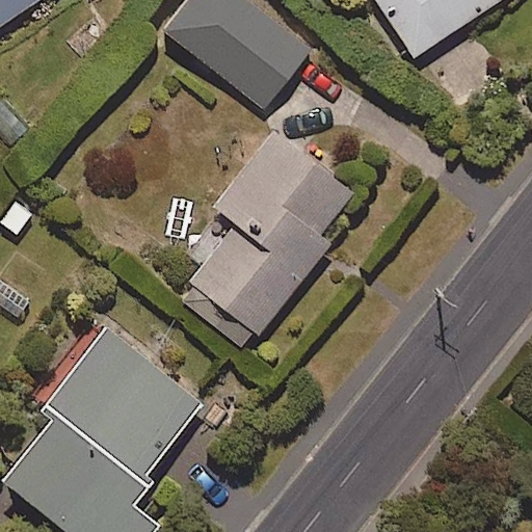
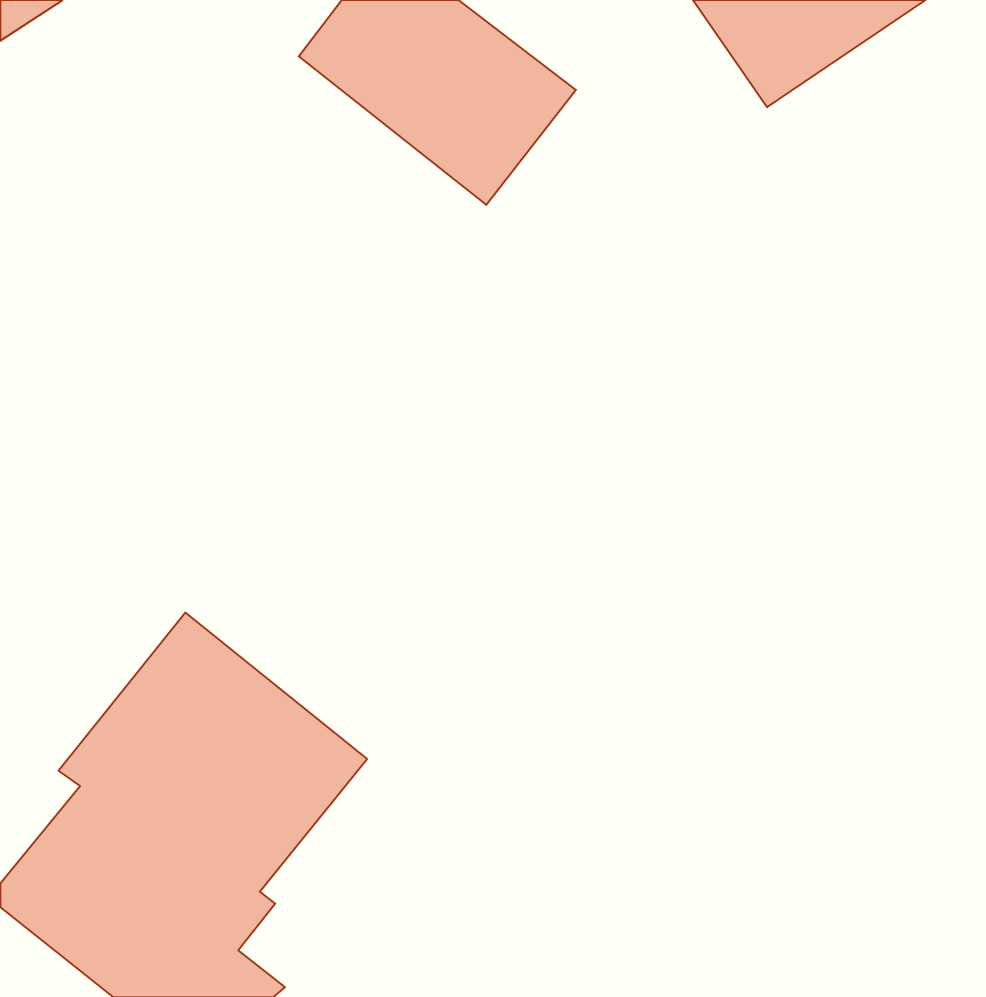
building: [189,133,362,337] -> none

